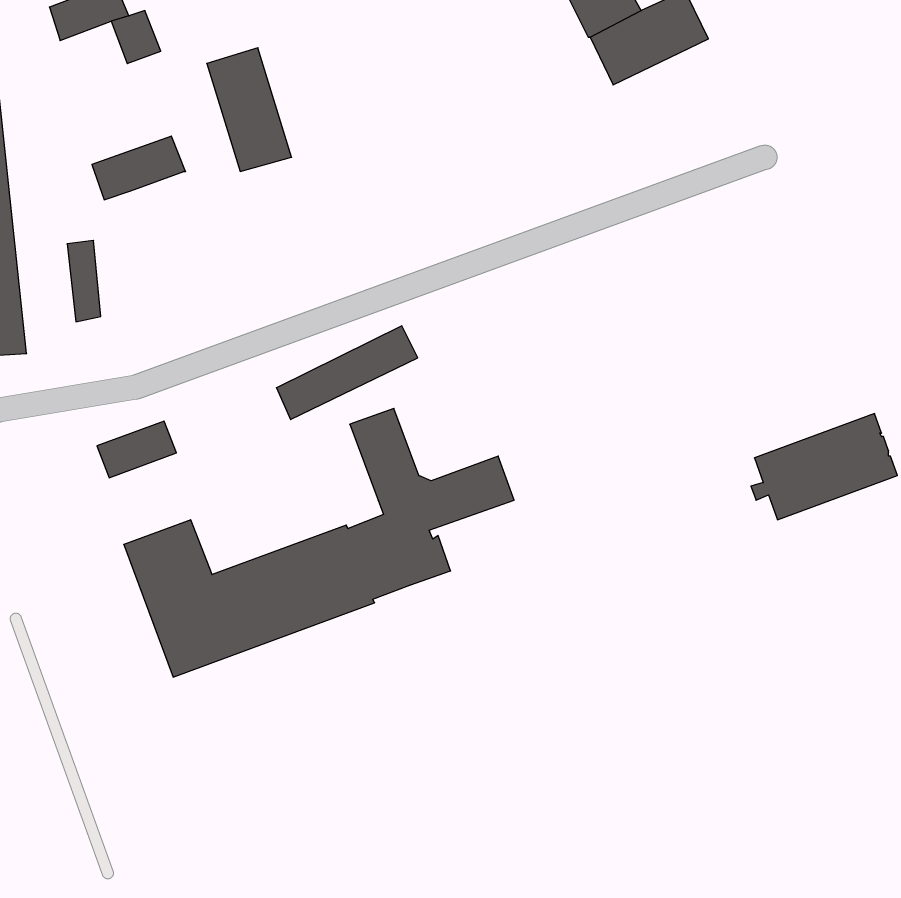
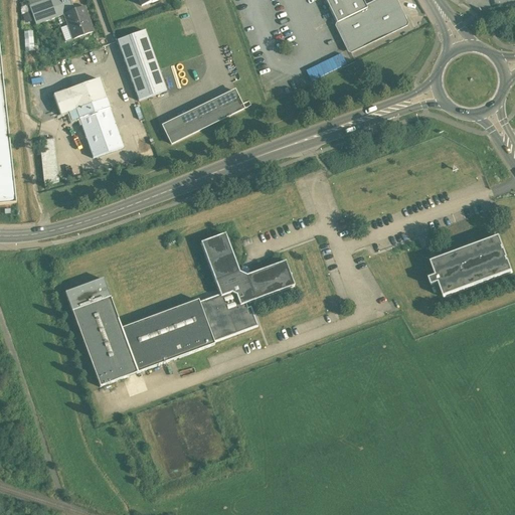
building: none -> [74,98,122,156]
building: [276,326,418,420] -> [162,89,242,142]
building: [97,421,176,478] -> [63,278,109,310]

